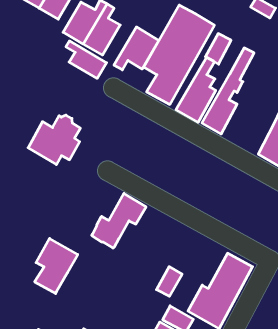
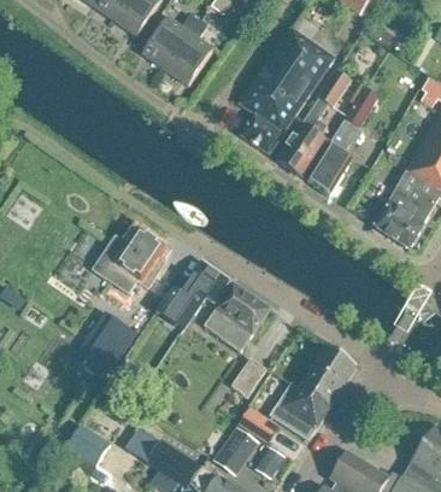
building: [114,27,159,70] -> none
building: [66,41,107,78] -> none
building: [28,115,80,165] -> [96,229,164,291]
building: none -> [204,282,270,351]

